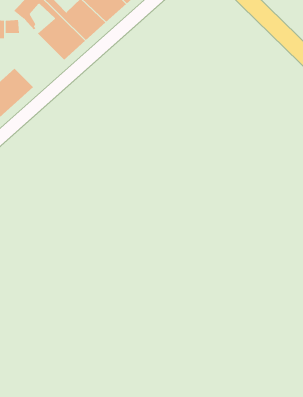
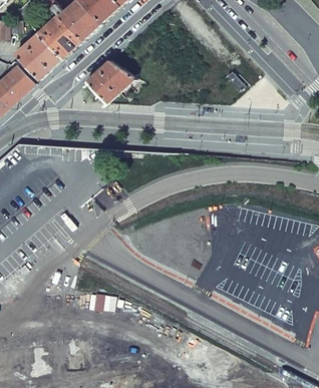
building: none -> [14,33,63,80]
building: none -> [86,60,135,103]

